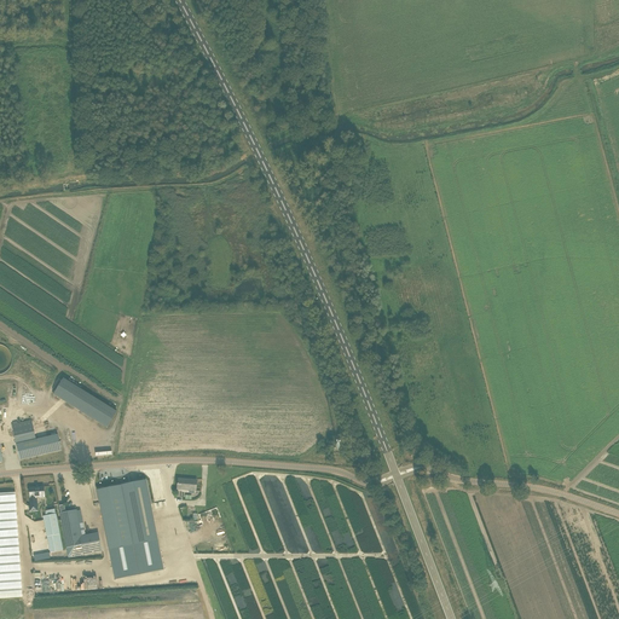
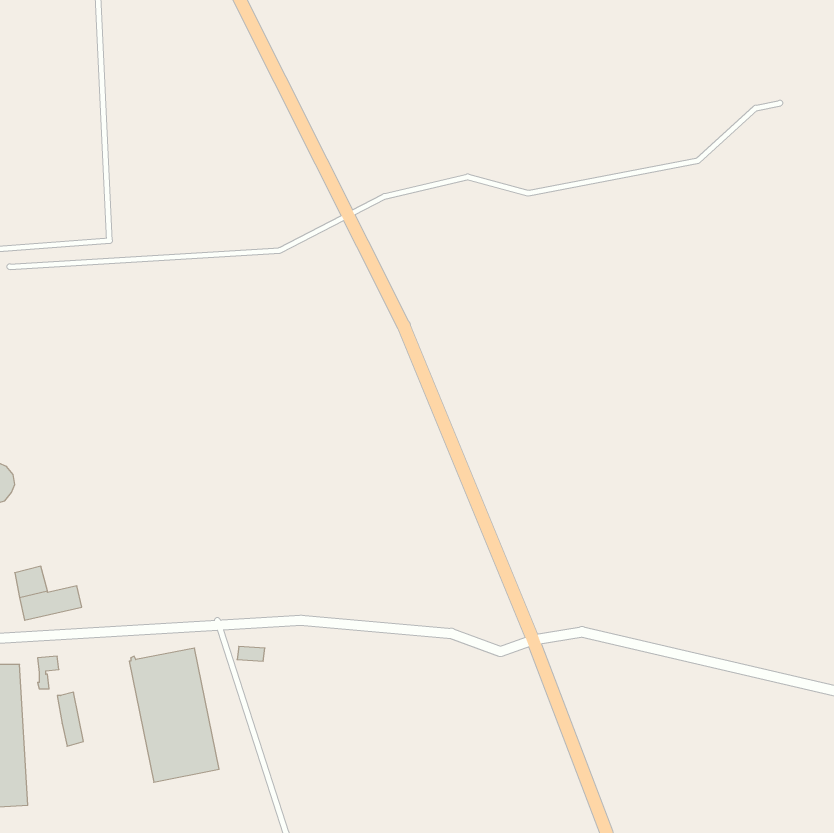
building: [52,376,116,426] -> none
building: [58,508,100,554] -> none

